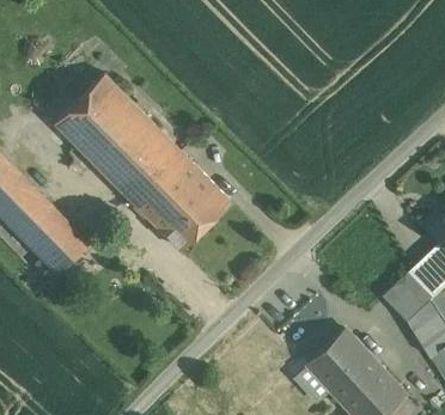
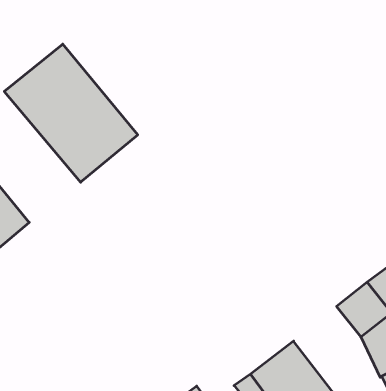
building: [134,153,231,251] -> none

